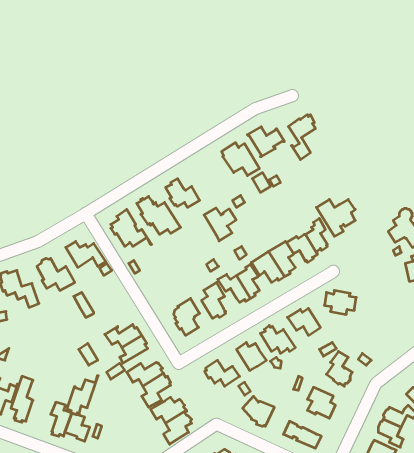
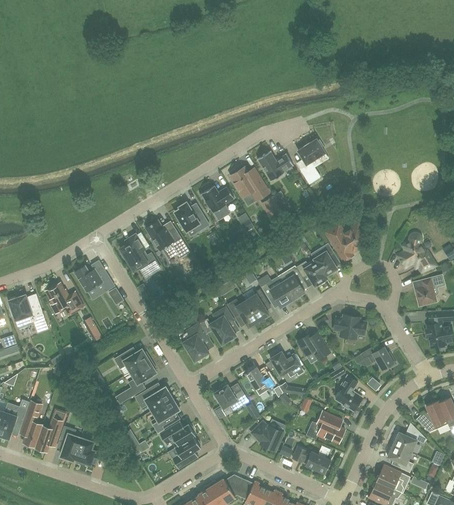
building: [204,208,236,241] -> [201,185,233,218]
building: none -> [360,346,395,369]
building: [67,376,98,415] -> [34,413,65,452]

